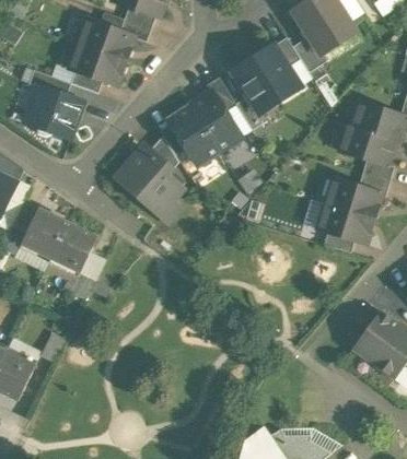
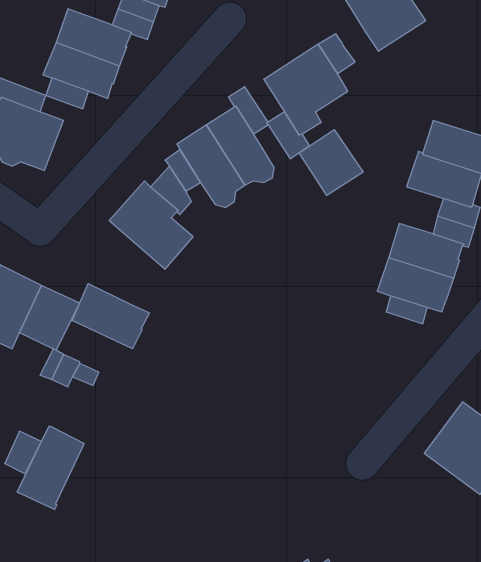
building: [292,35,326,71] -> none
building: none -> [299,130,363,195]
building: none -> [72,284,150,349]
building: none -> [17,426,84,510]

